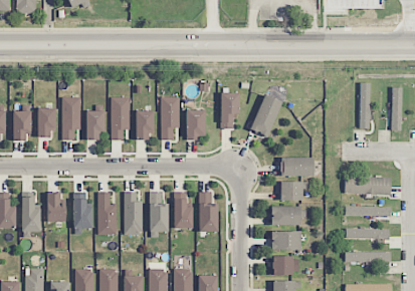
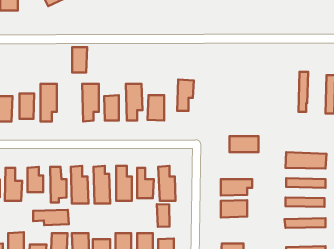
building: [250,95,281,137] -> none
building: [86,110,103,139] -> [72,47,87,72]
building: [278,182,302,201] -> none
building: none -> [157,204,169,227]
building: none -> [33,210,69,225]
building: [271,256,295,274] -> none

